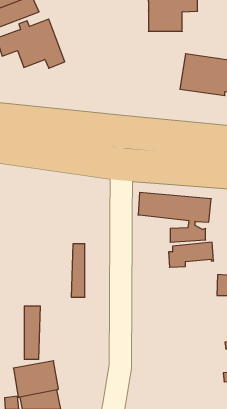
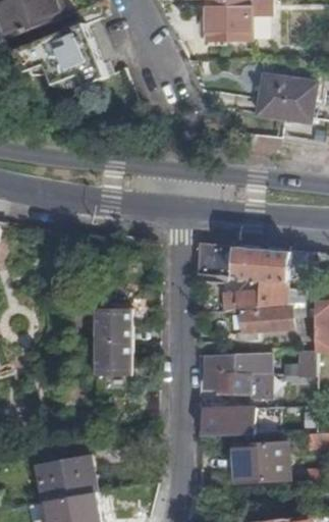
building: none -> [205,352,272,398]
building: [24,306,40,359] -> [94,309,114,376]
building: none -> [203,409,255,435]
building: none -> [236,443,290,482]

